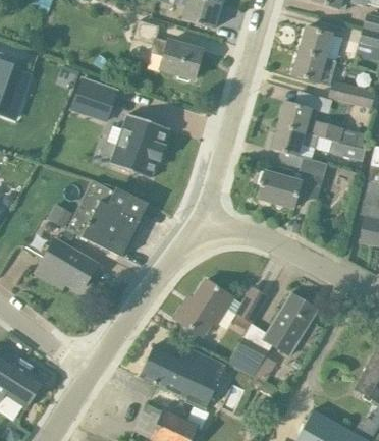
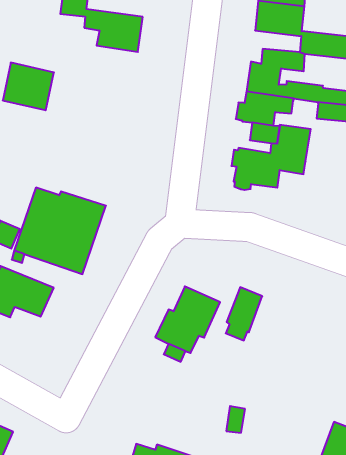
building: [110,114,168,179] -> none
building: [263,292,318,356] -> none
building: [228,338,268,377] -> none
building: [140,344,225,407] -> none

